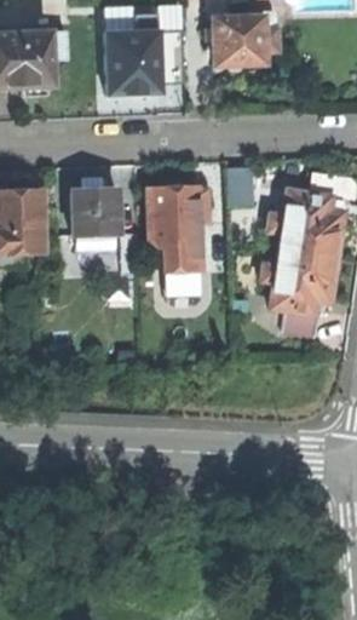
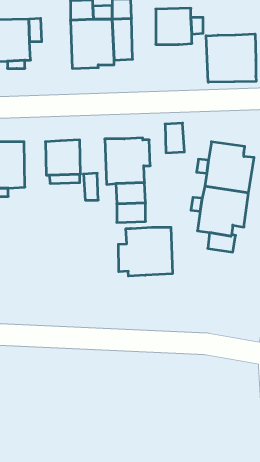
building: none -> [206,34,256,82]
building: none -> [118,227,172,276]

